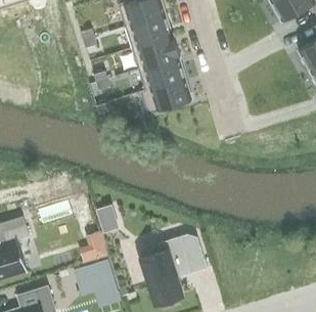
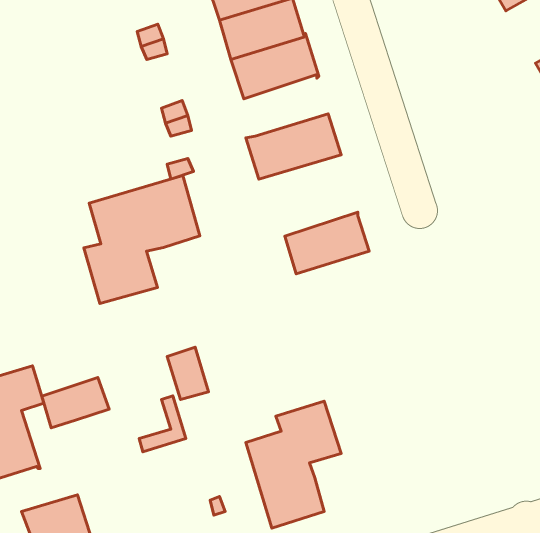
building: [139,56,185,90] -> [285,212,369,274]
building: none -> [84,176,200,303]
building: [78,267,115,295] -> [42,377,109,428]

